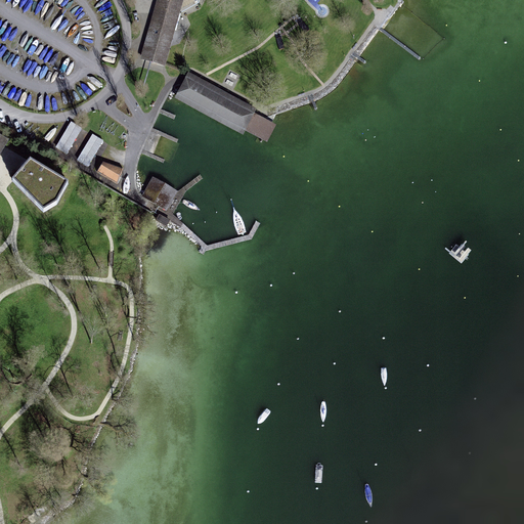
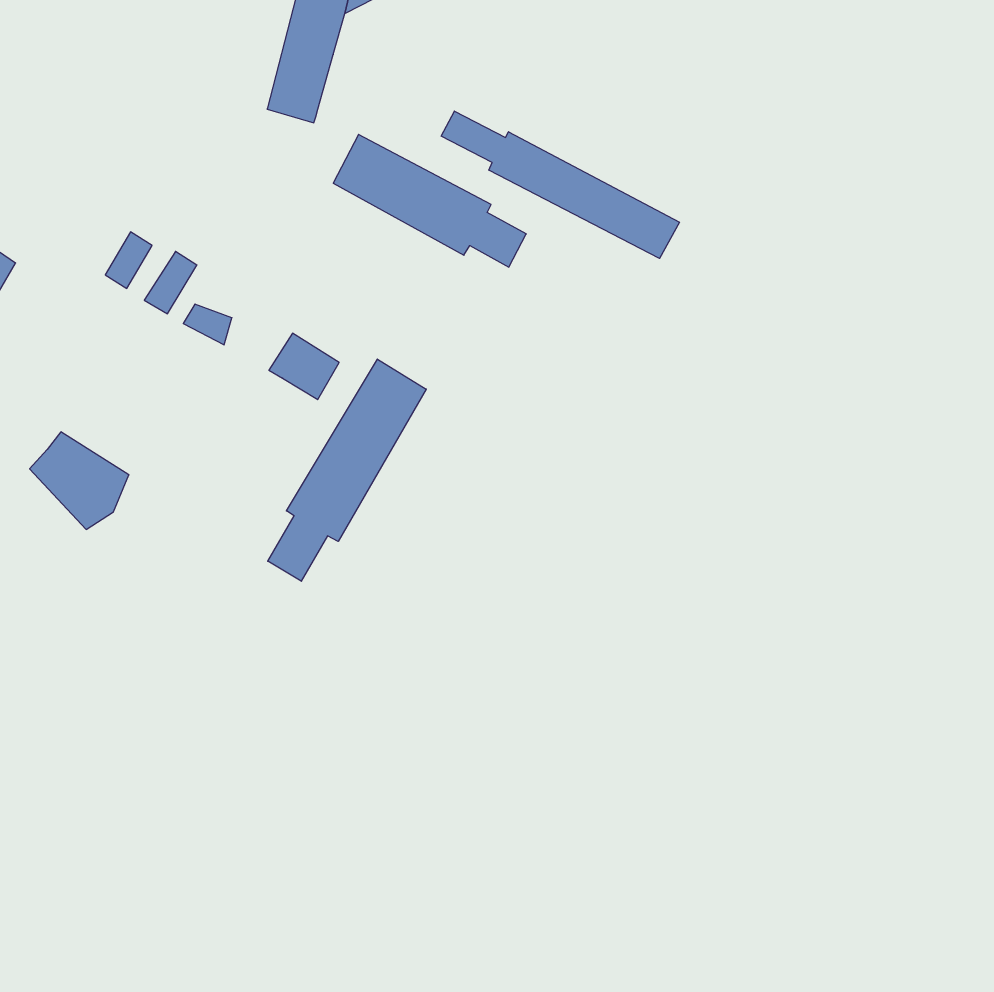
building: none -> [441,111,679,258]
building: [13,160,66,211] -> [30,432,129,529]
building: none -> [268,359,426,581]

